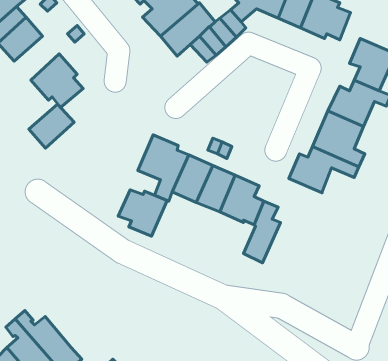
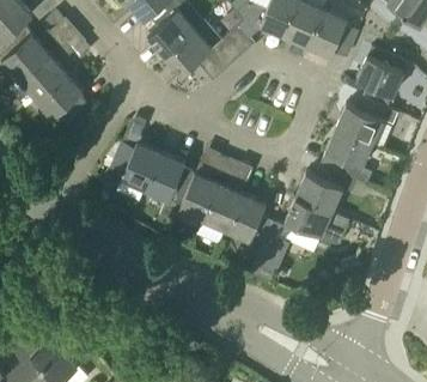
building: [29,104,74,148] -> [19,54,65,98]
building: none -> [286,198,349,244]
building: [118,190,167,236] -> [110,143,159,189]

